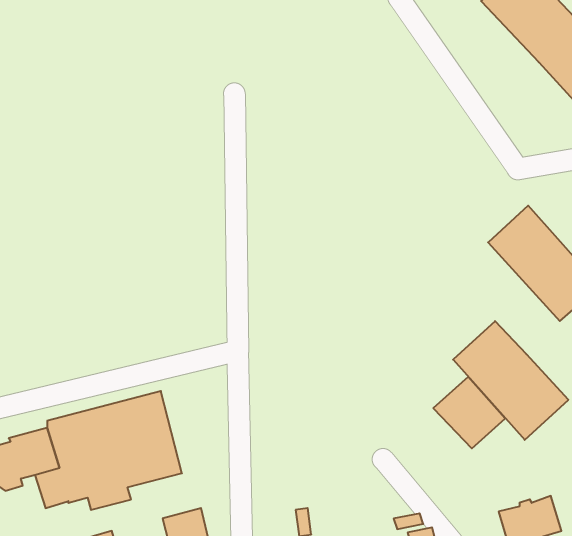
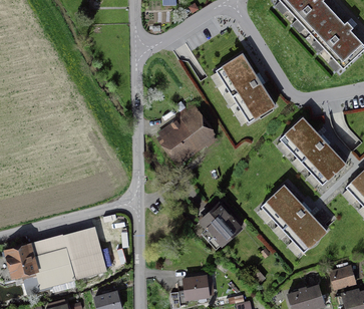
building: none -> [217,52,275,120]
building: none -> [159,98,222,159]
building: [433,377,505,448] -> [201,203,242,244]
building: none -> [185,277,212,302]

